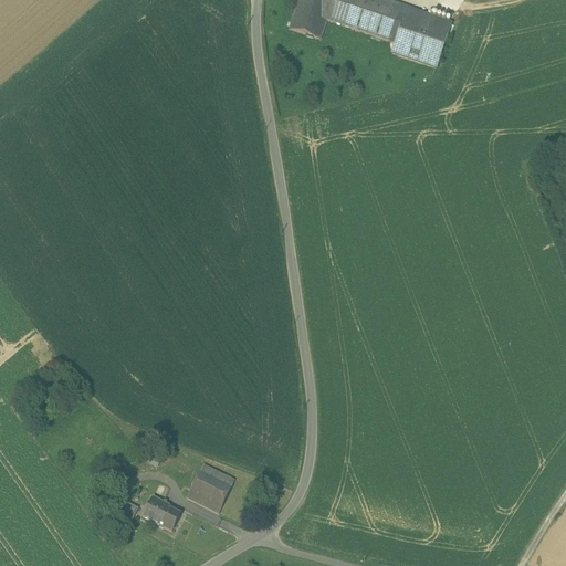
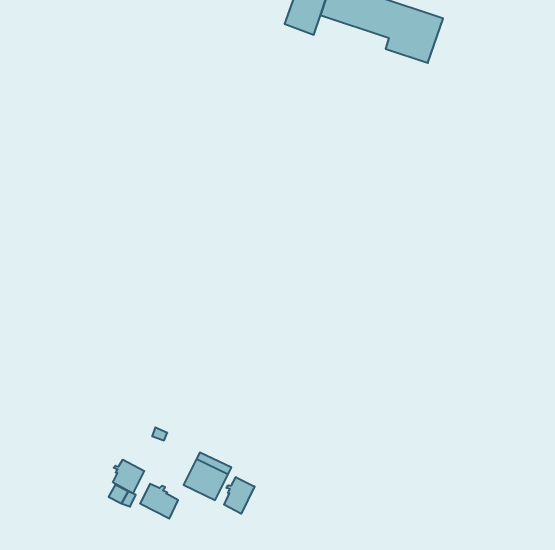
building: none -> [113,460,144,493]
building: none -> [224,477,255,514]

